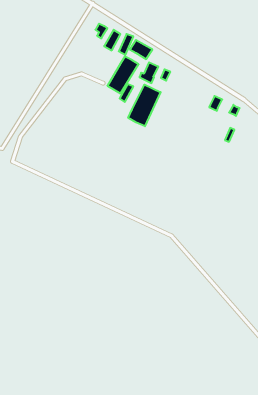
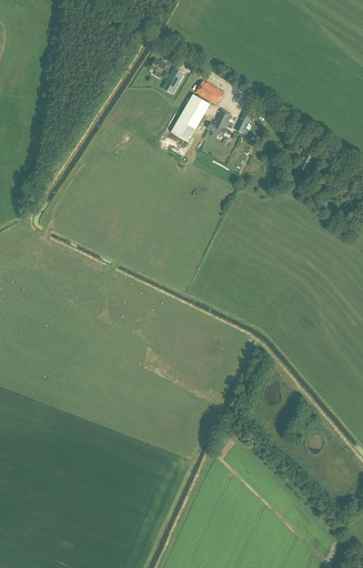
building: [128,85,161,126] -> none

